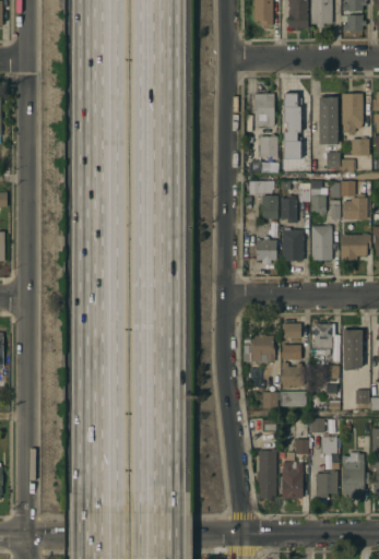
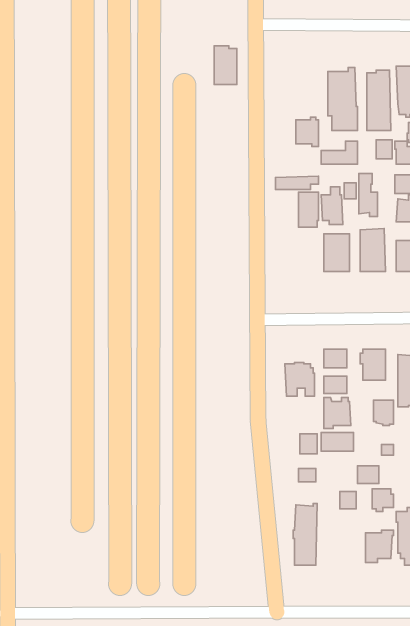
building: [254,94,273,126] -> [214,46,237,85]
building: [256,229,276,264] -> none
building: [282,461,303,498] -> none

